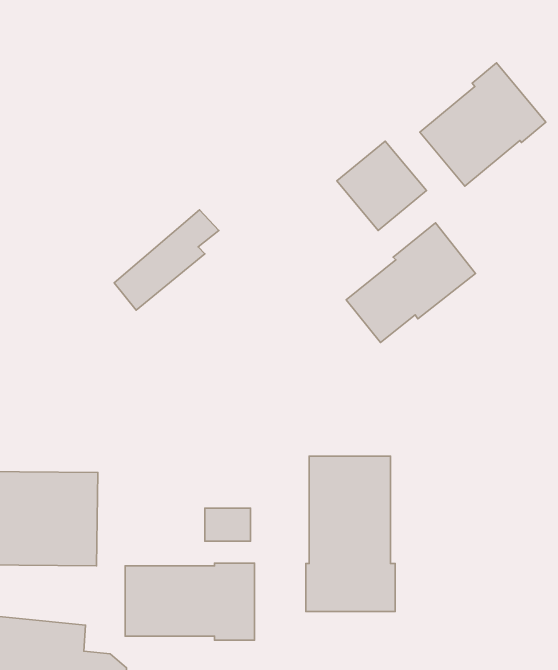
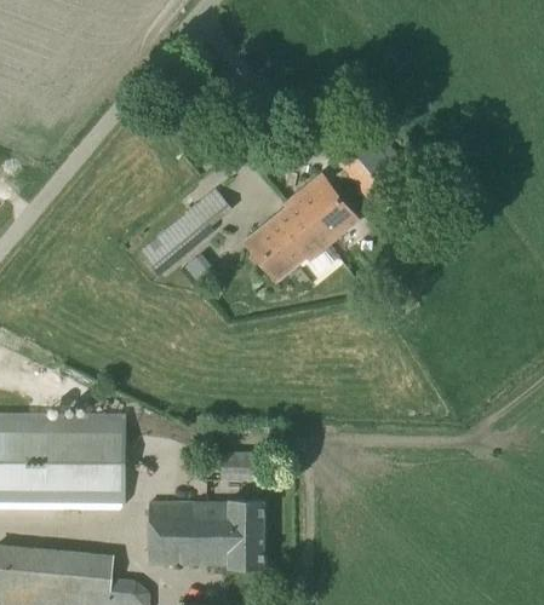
building: [420,63,546,186] -> none
building: [346,223,476,342] -> [244,174,357,280]
building: [306,456,395,611] -> none

